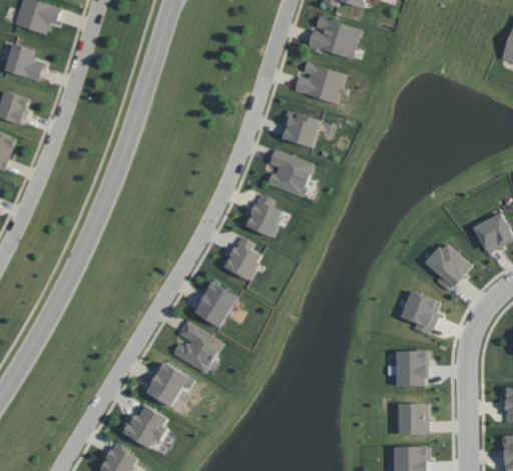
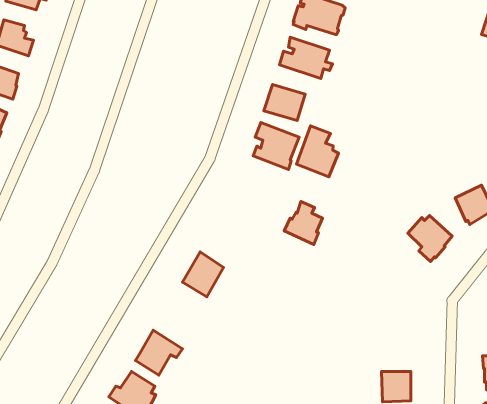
building: none -> [297,126,339,177]
building: [242,194,282,239] -> [284,202,323,245]
building: [220,237,261,282] -> none
building: [401,291,439,335] -> none
building: [172,322,222,373] -> none
building: [396,352,427,386] -> none

